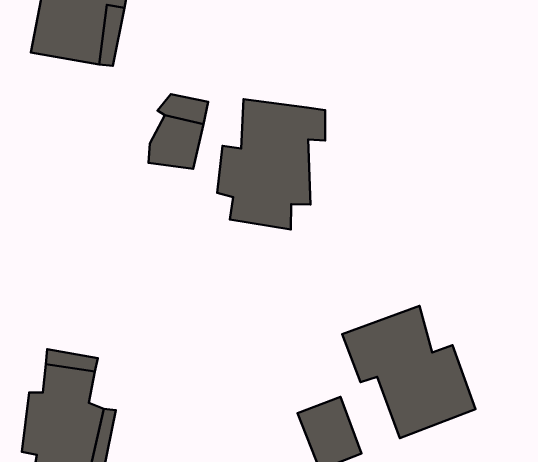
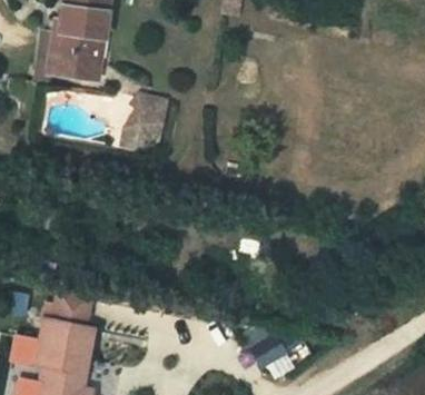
building: [217,99,325,230] -> none
building: [342,306,475,438] -> none

